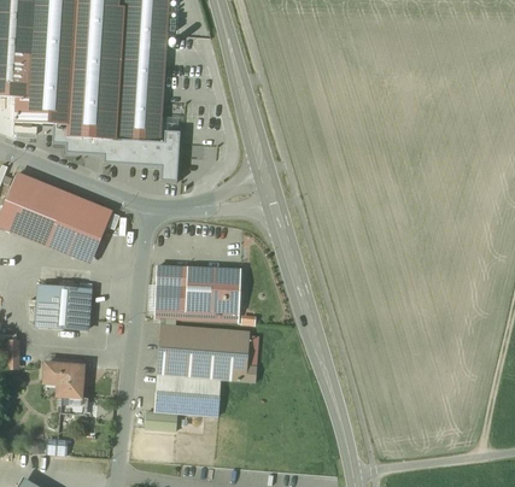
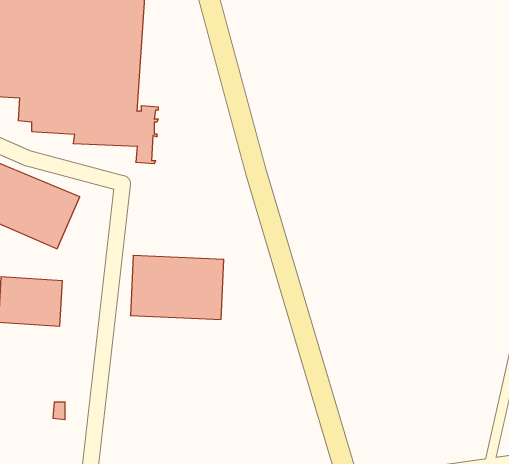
building: [151,324,253,419] -> none
building: [45,362,83,397] -> none

